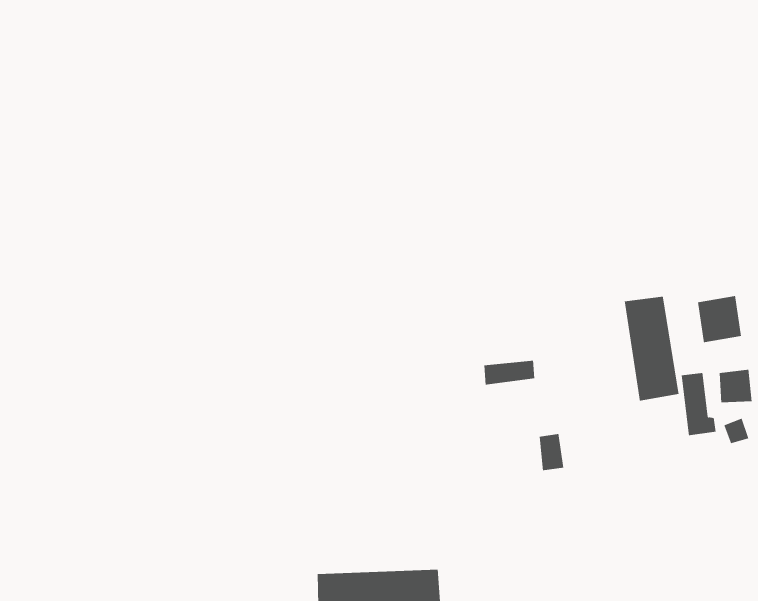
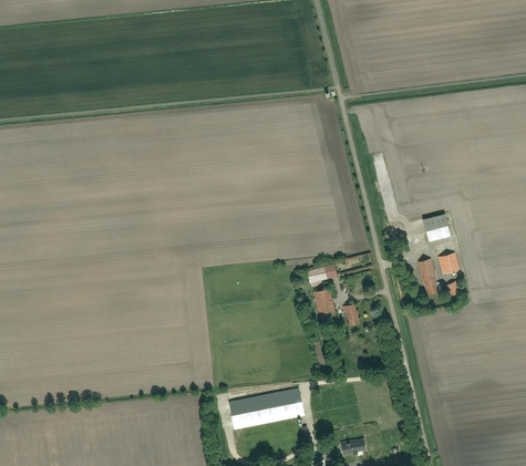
building: [624,296,679,401] -> none
building: none -> [313,288,334,319]

